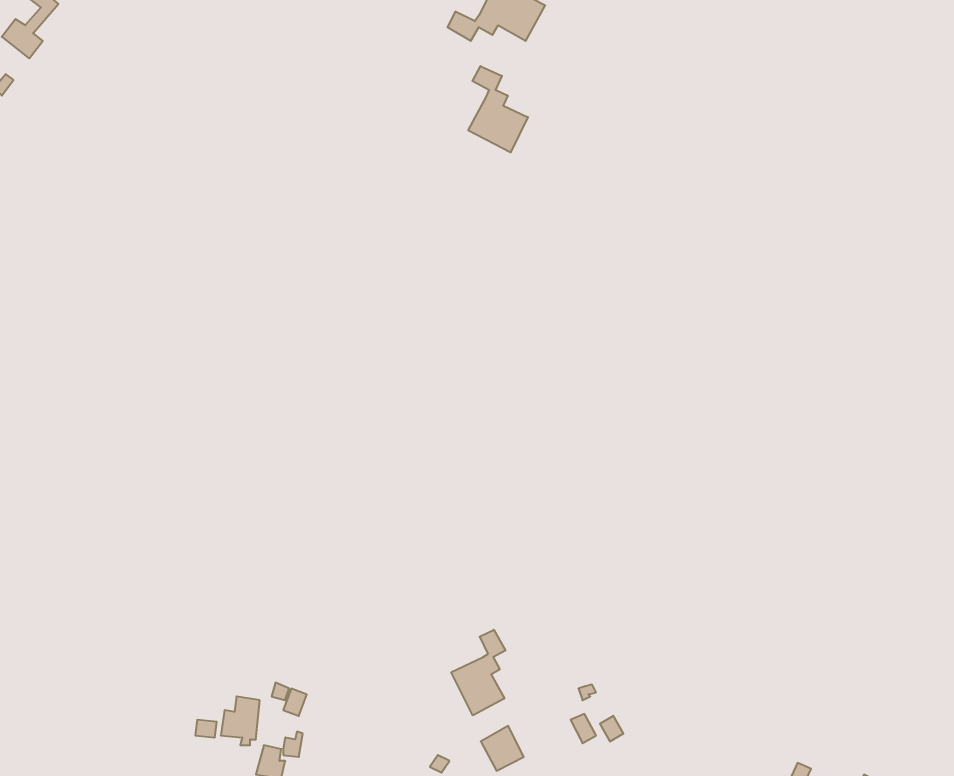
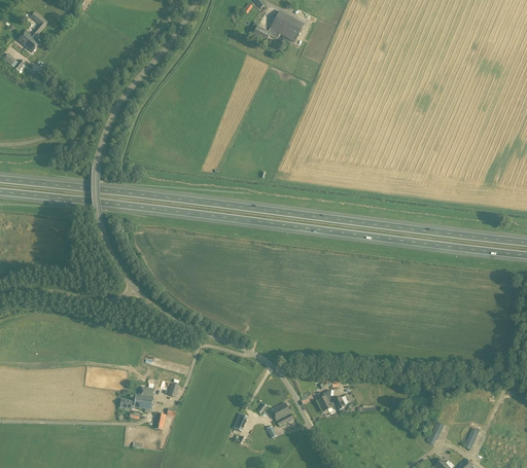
building: [468,66,528,152] -> none
building: [451,630,505,715] -> none

